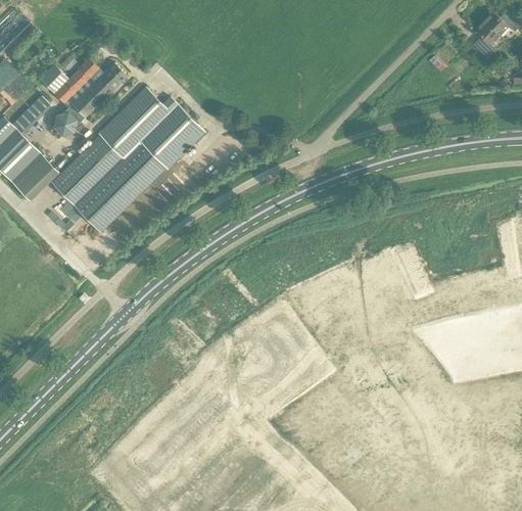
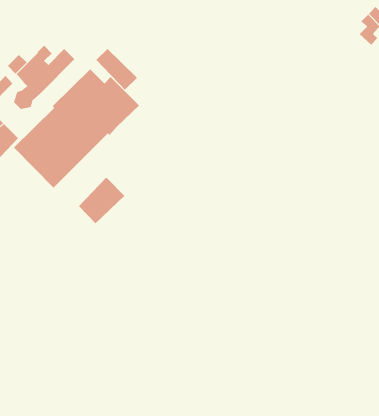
building: none -> [95,48,137,90]
building: none -> [78,177,125,224]

